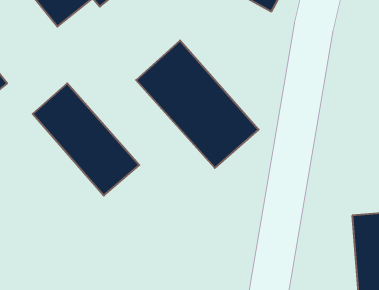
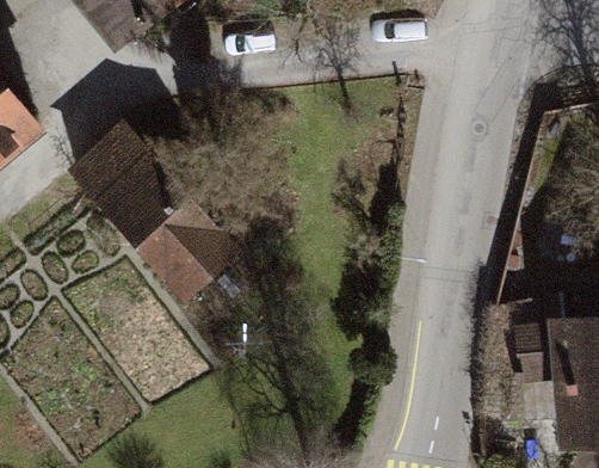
building: [136,40,259,168] -> none

